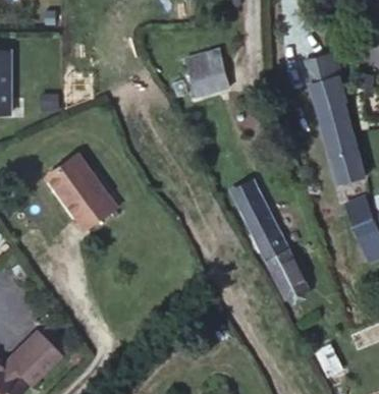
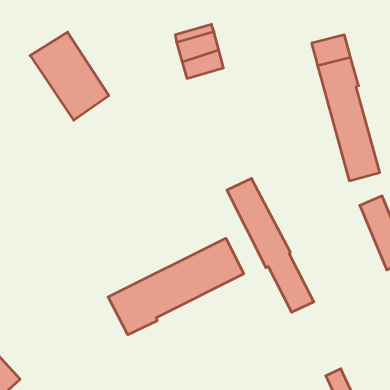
building: [46,155,114,231] -> [30,32,109,120]
building: none -> [108,238,244,335]

